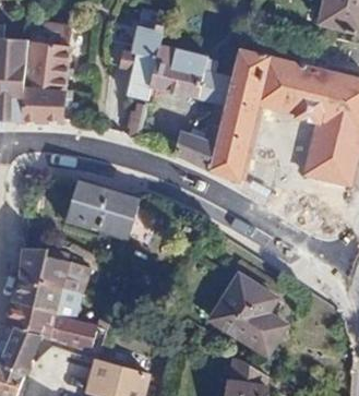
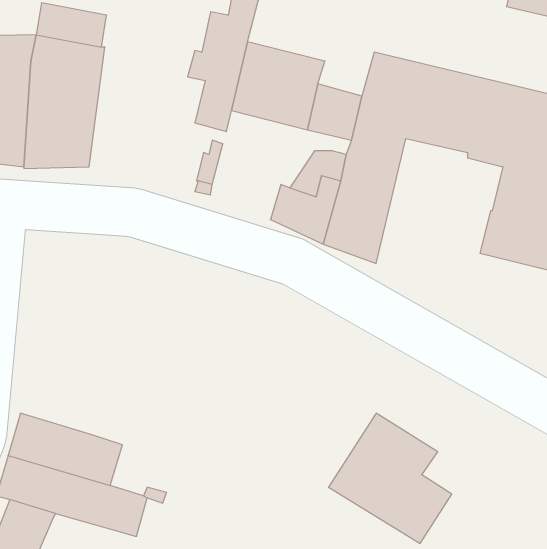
building: [65,178,141,238] -> none
building: [19,247,72,287] -> none

